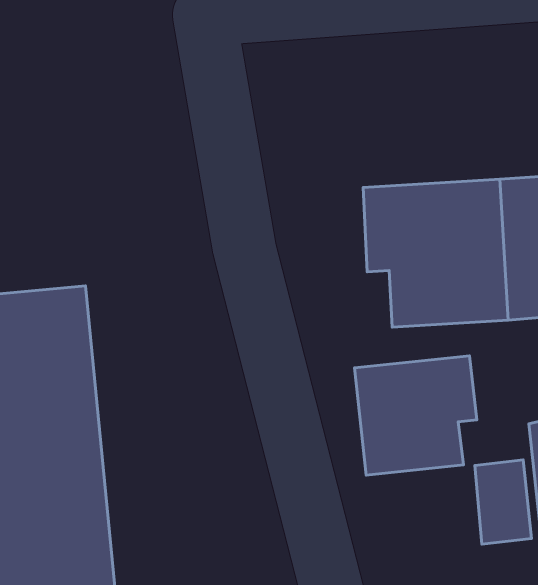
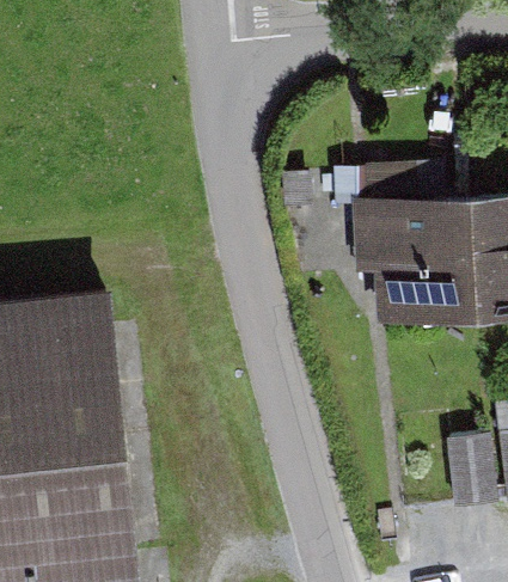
building: [355,356,477,475] -> none

